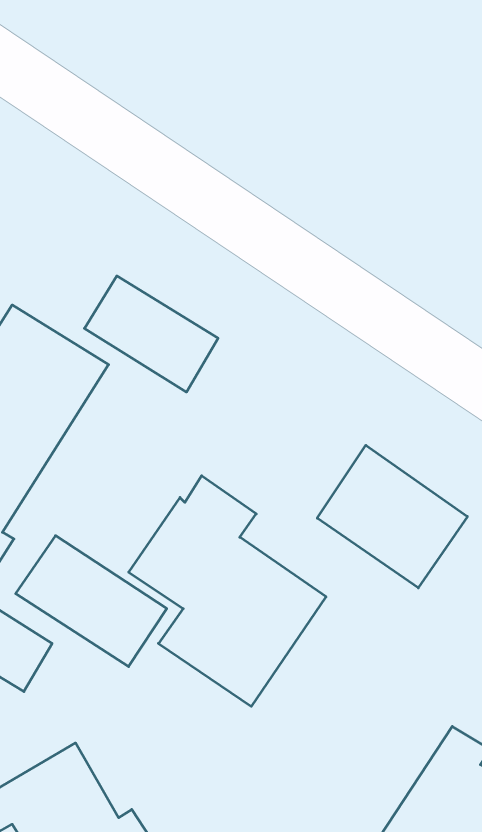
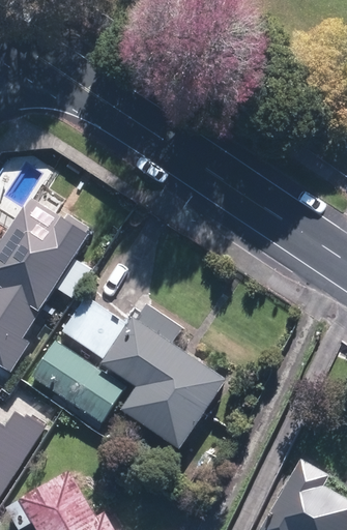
building: [84,276,218,392] -> none
building: [317,445,467,588] -> none
building: none -> [62,298,124,360]

